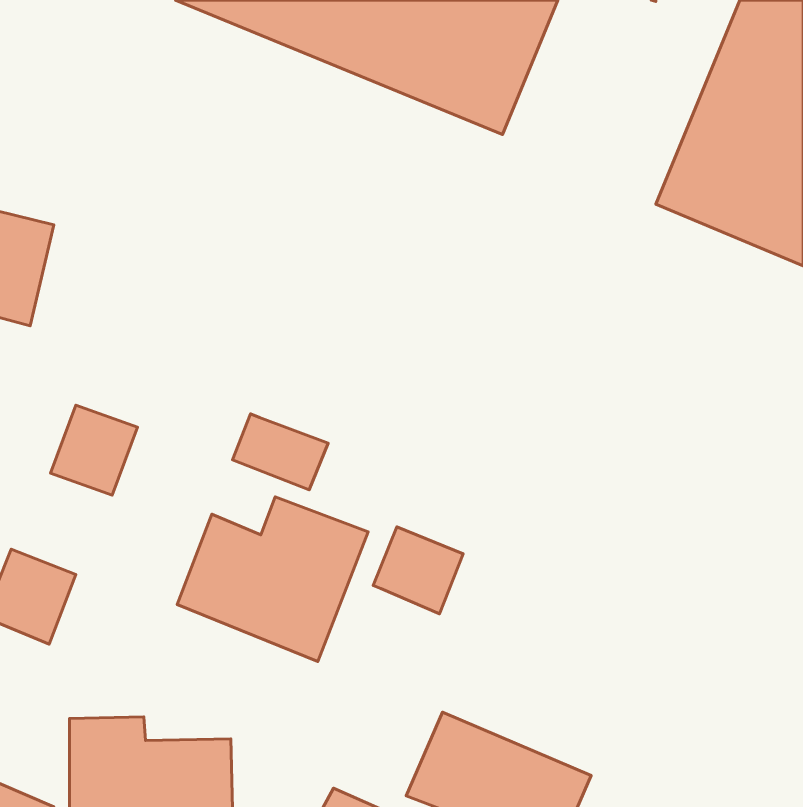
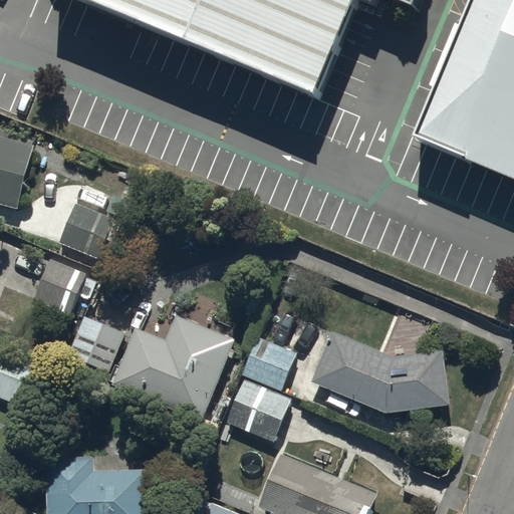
building: none -> [58,202,102,254]
building: [233,414,328,490] -> none
building: none -> [62,313,123,371]
building: none -> [312,332,449,413]
building: none -> [225,378,290,441]

